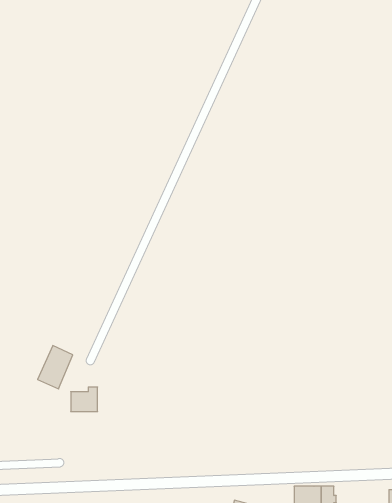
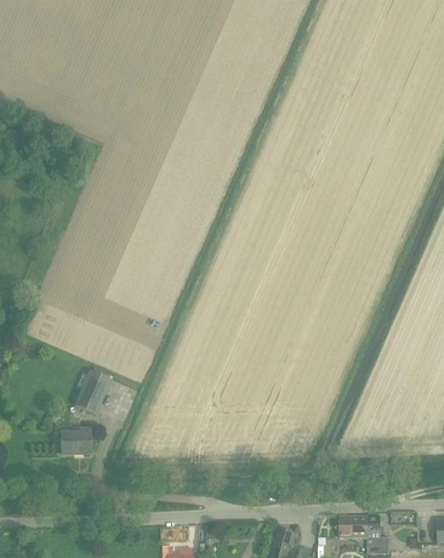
building: [71,387,98,412] -> [62,427,90,452]

